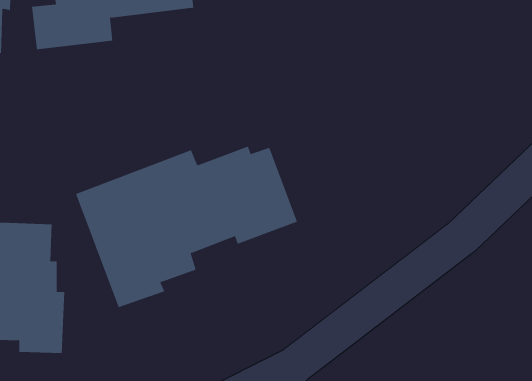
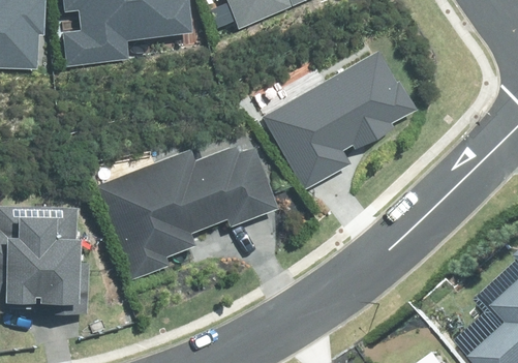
building: none -> [263,51,417,188]

